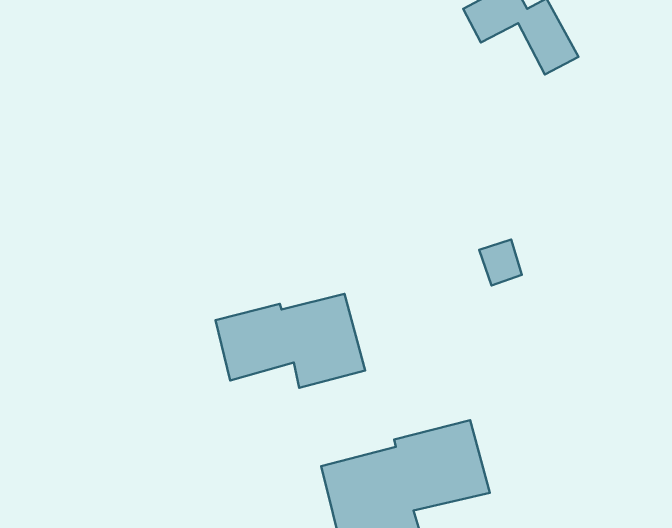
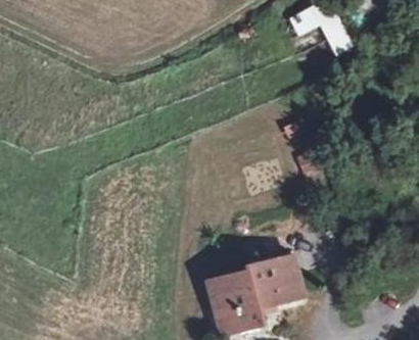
building: [215,294,365,388] -> none

